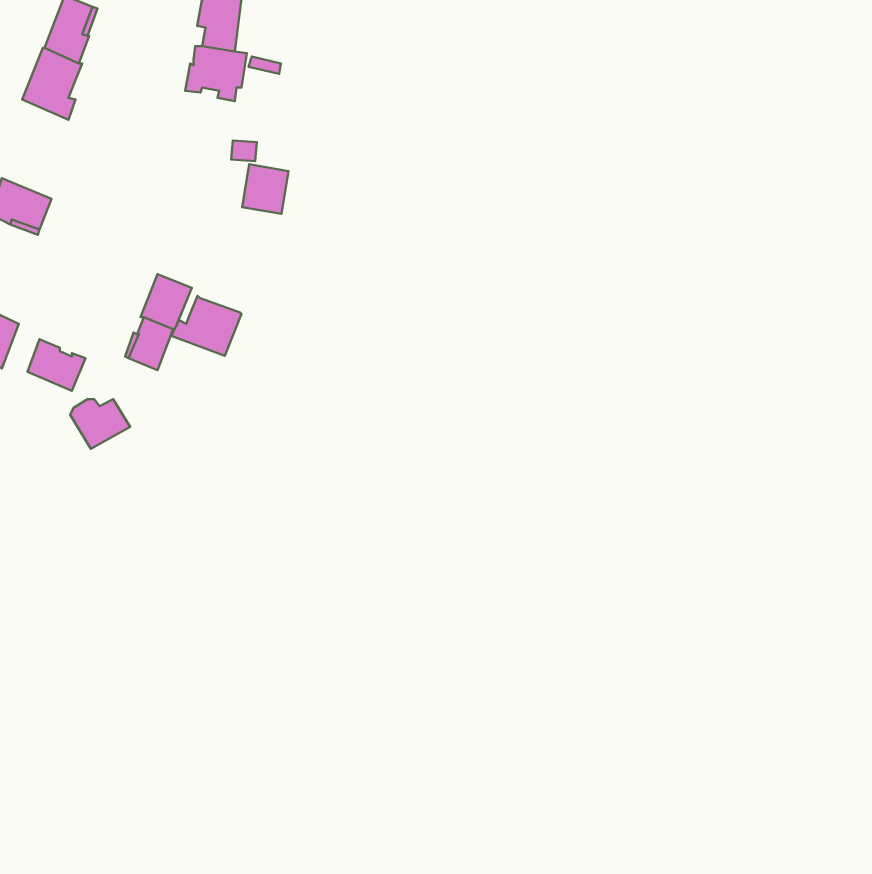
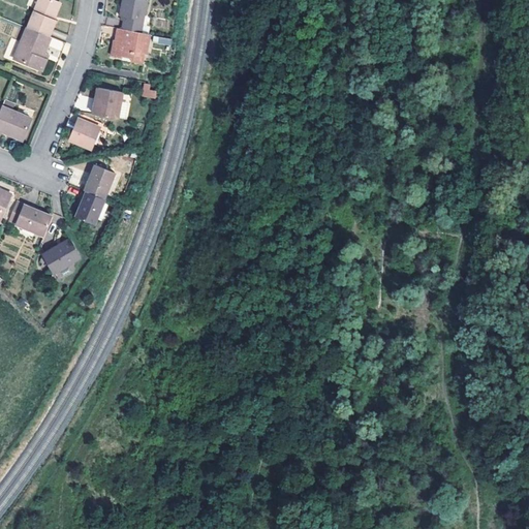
building: [242,164,288,214] -> [93,88,121,118]
building: none -> [65,119,100,149]
building: [171,296,241,356] -> none

